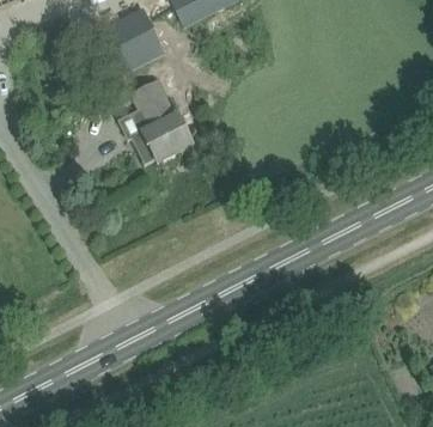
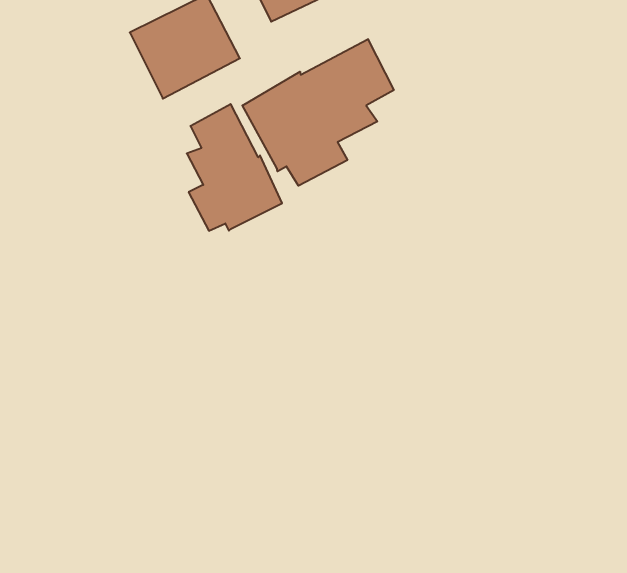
building: none -> [242,39,394,186]

